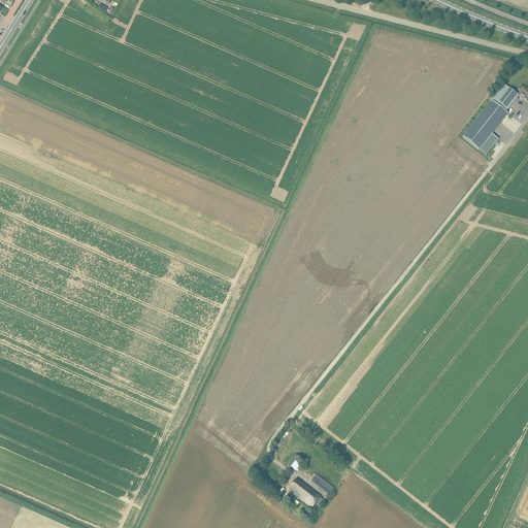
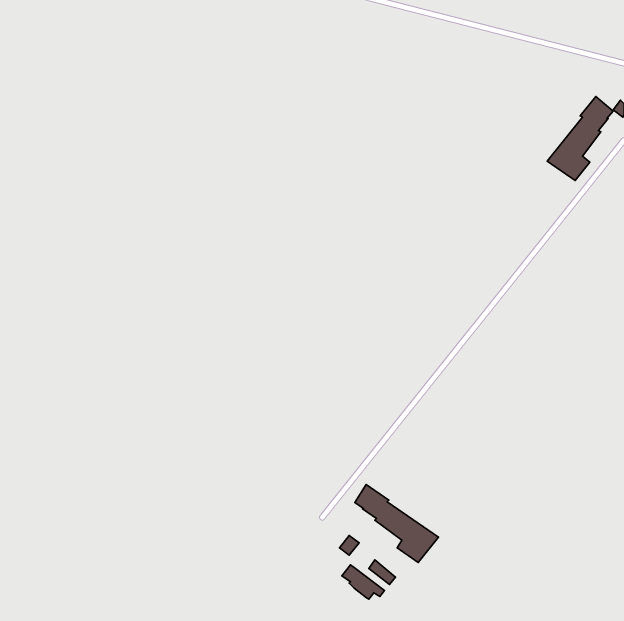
building: none -> [355,485,438,563]

